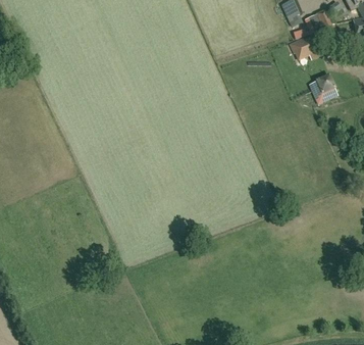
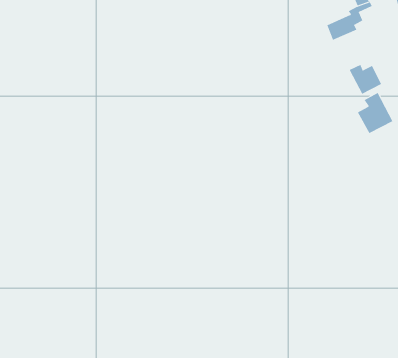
building: none -> [357,92,393,134]

